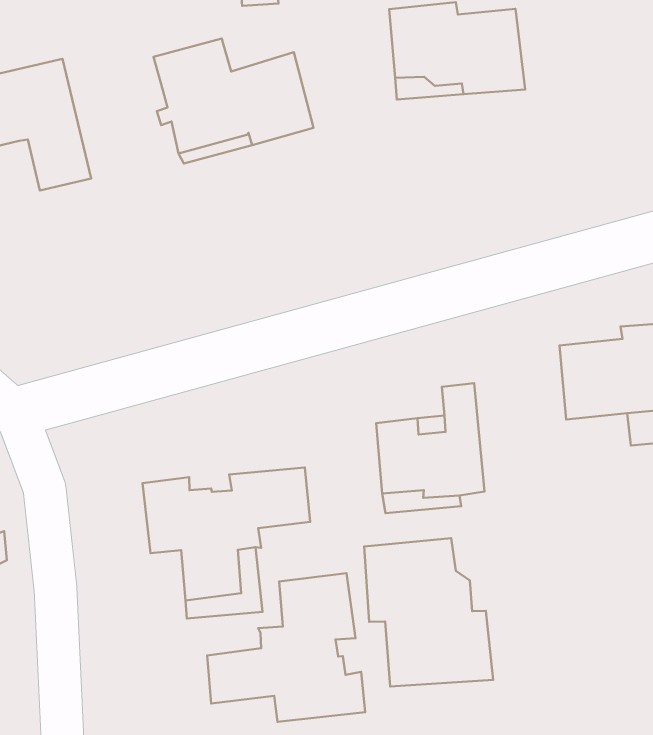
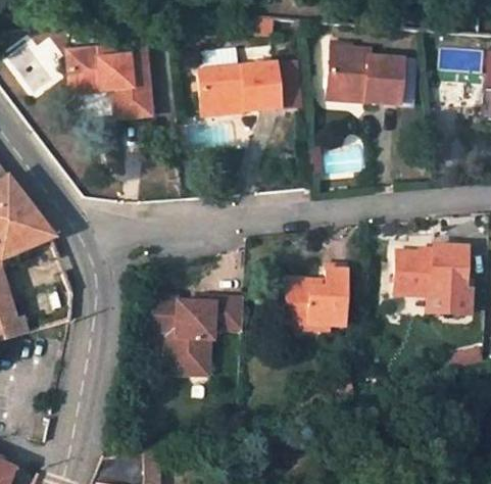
building: [364,538,493,686] -> none
building: [207,573,365,722] -> none

